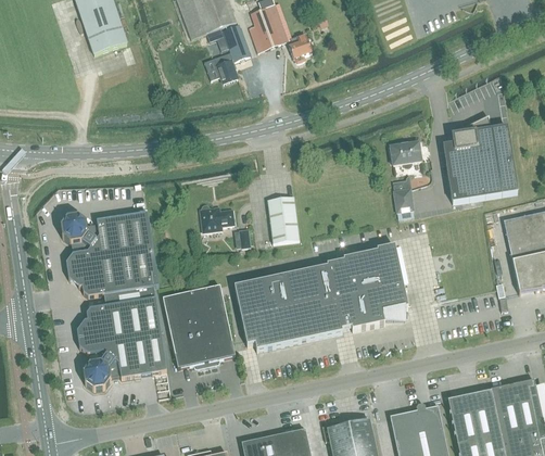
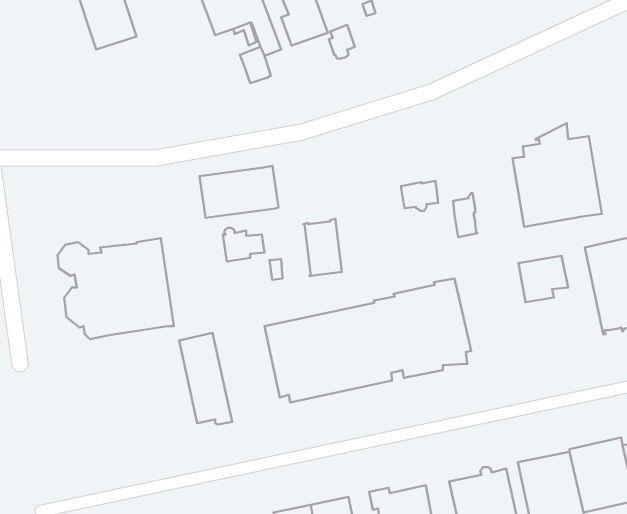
building: [390,140,421,165] -> [401,181,438,211]
building: none -> [200,166,278,218]
building: none -> [519,256,568,302]
building: [191,283,236,365] -> none
building: [77,284,166,389] -> none

